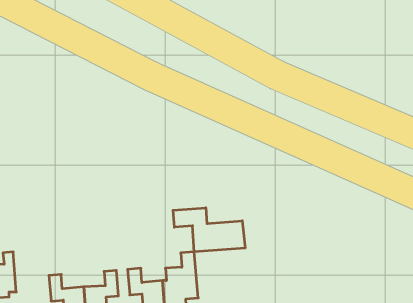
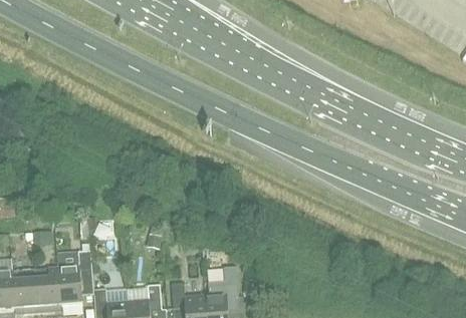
building: [173,208,245,252] -> none
building: none -> [57,248,91,303]

